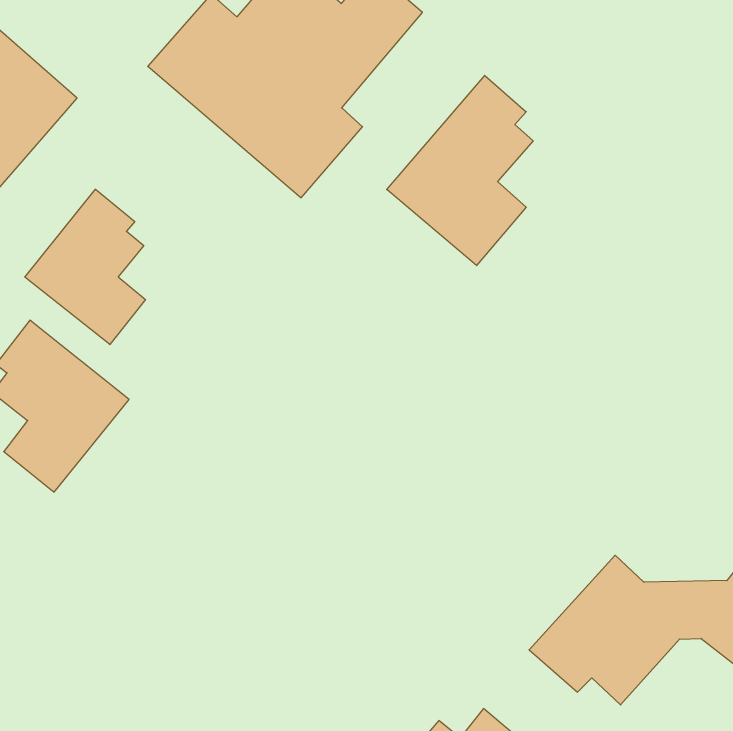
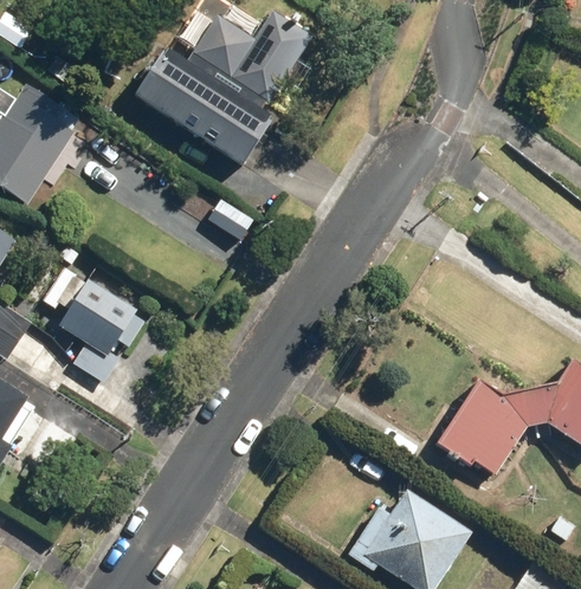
building: [387,75,533,266] -> none
building: [25,189,145,345] -> none

